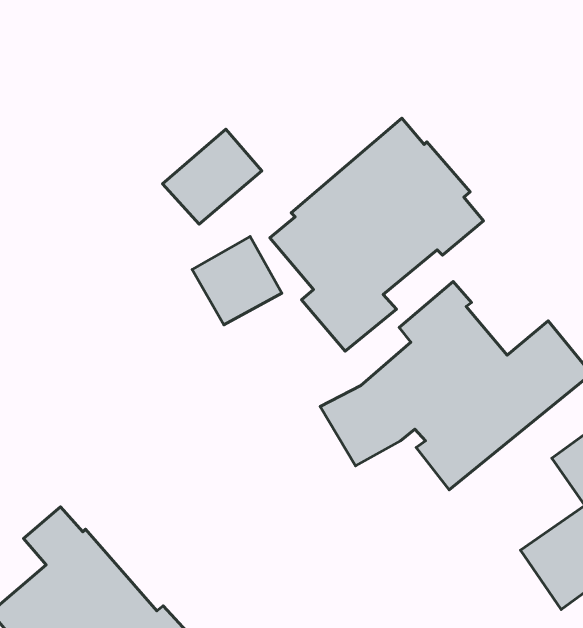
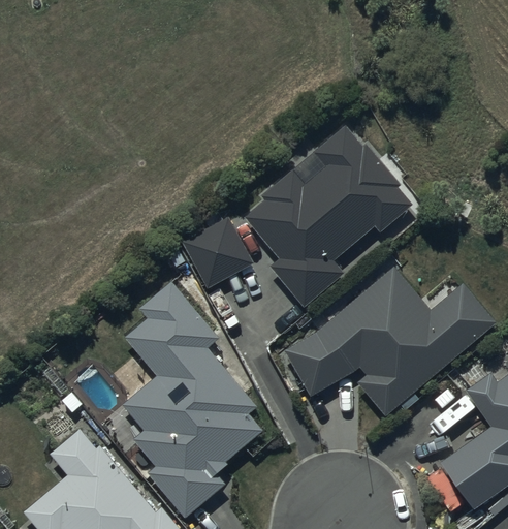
building: [163,129,262,224] -> none
building: none -> [123,282,262,518]

